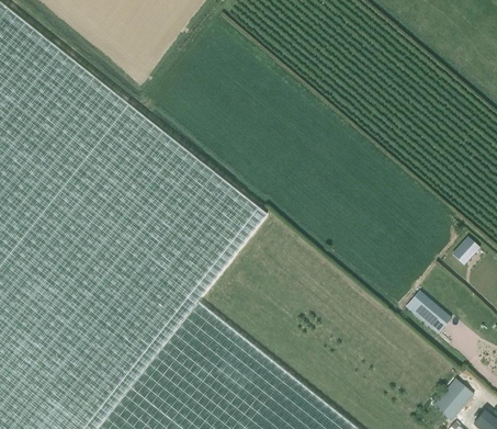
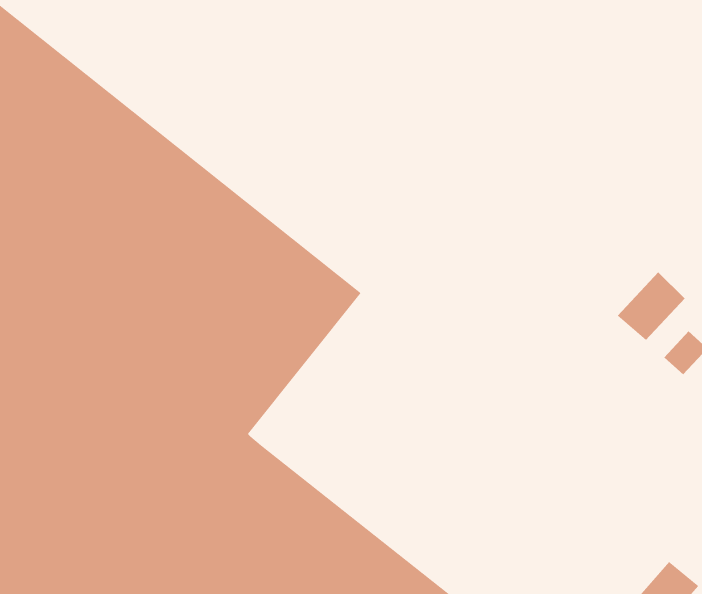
building: none -> [617,271,685,341]
building: [406,292,451,335] -> none

